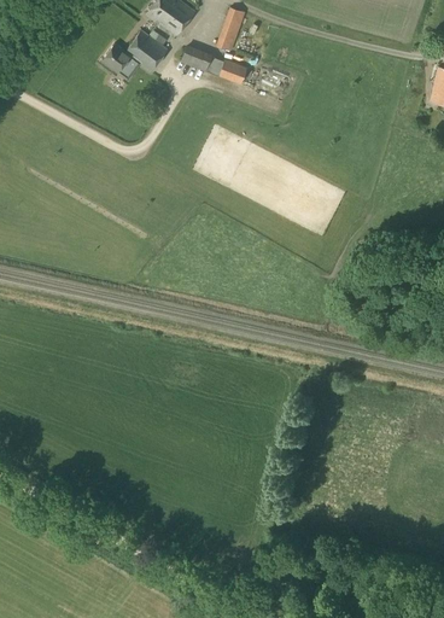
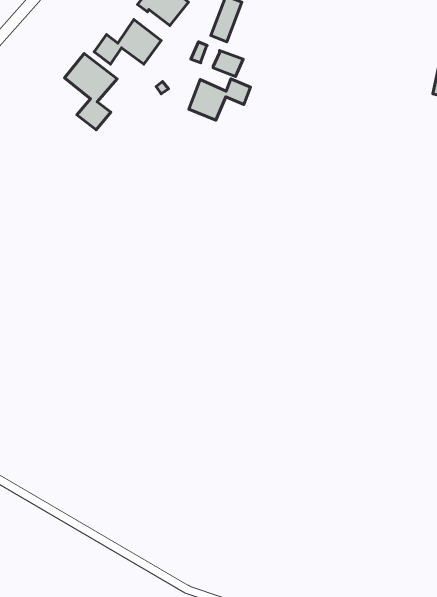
building: none -> [65,54,117,130]
building: none -> [189,79,251,120]

